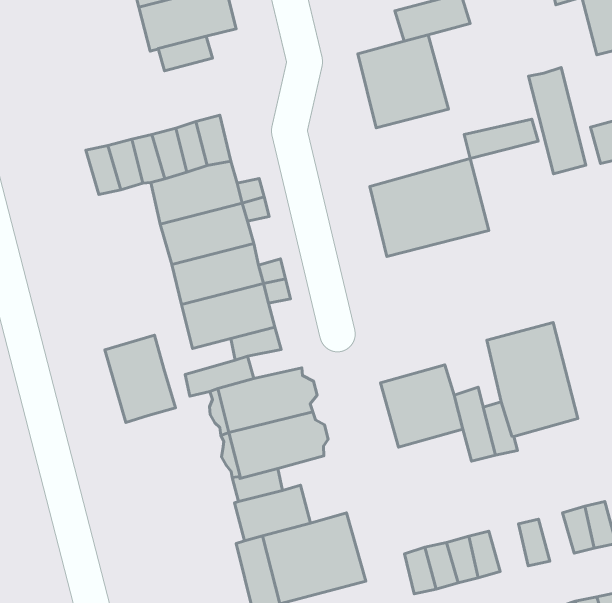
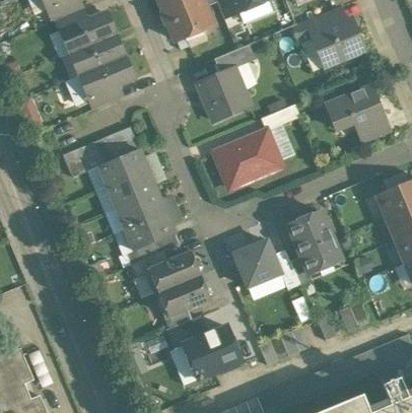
building: [529,67,586,174] -> none
building: [105,335,175,422] -> none

